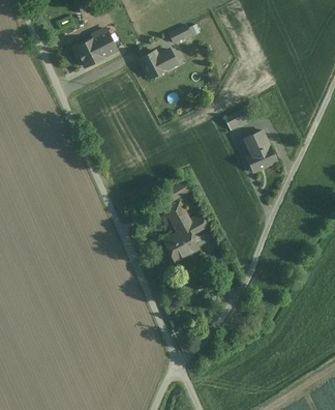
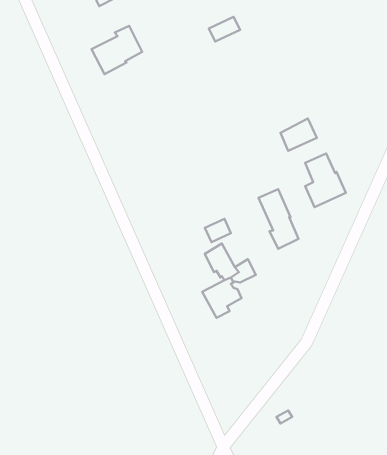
building: [140,46,178,77] -> none
building: none -> [258,189,298,249]

